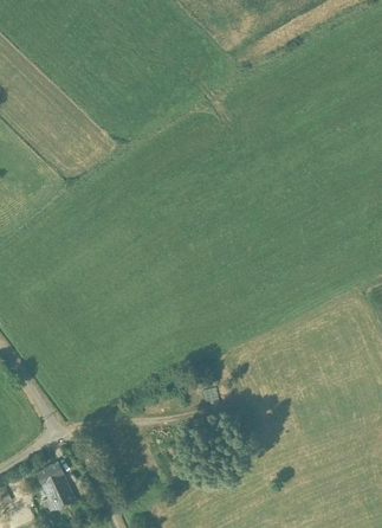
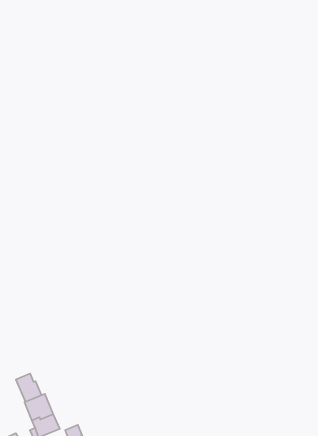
building: none -> [16,373,41,402]

